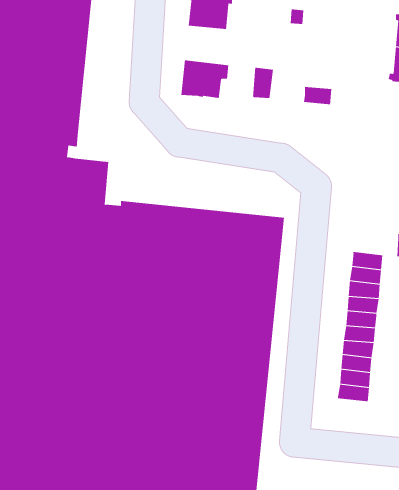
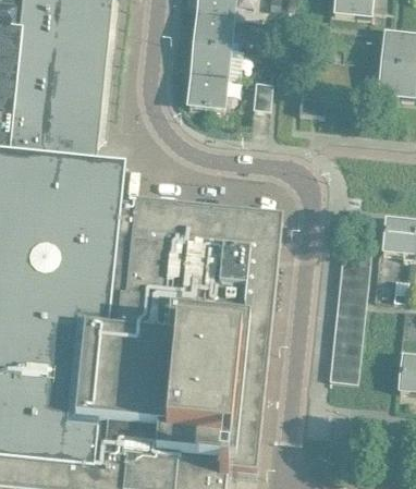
building: none -> [192,40,230,75]

